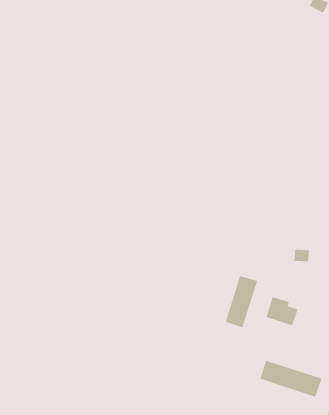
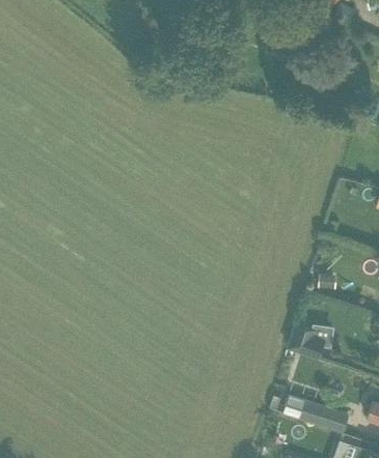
building: [225,275,258,328] -> none

